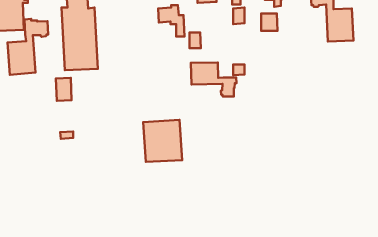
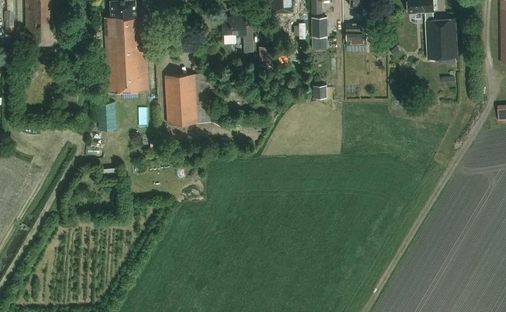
building: [8,19,48,75] -> none
building: [191,63,236,96] -> none
building: [143,120,182,162] -> [164,73,211,124]

